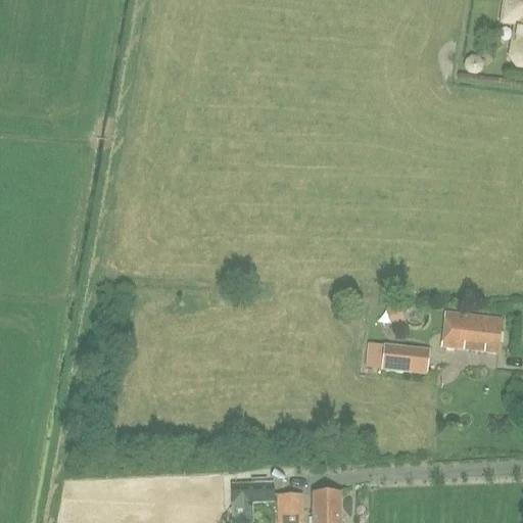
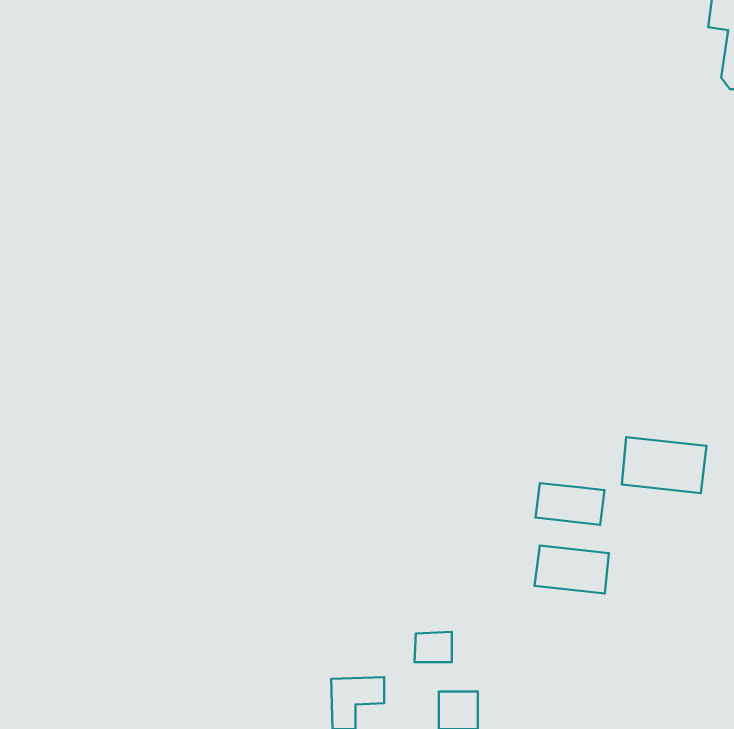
building: none -> [535,546,609,594]
building: [277,492,303,514] -> [415,632,452,662]

